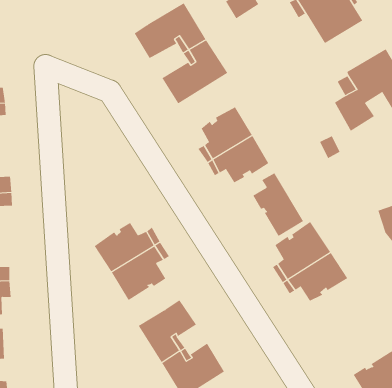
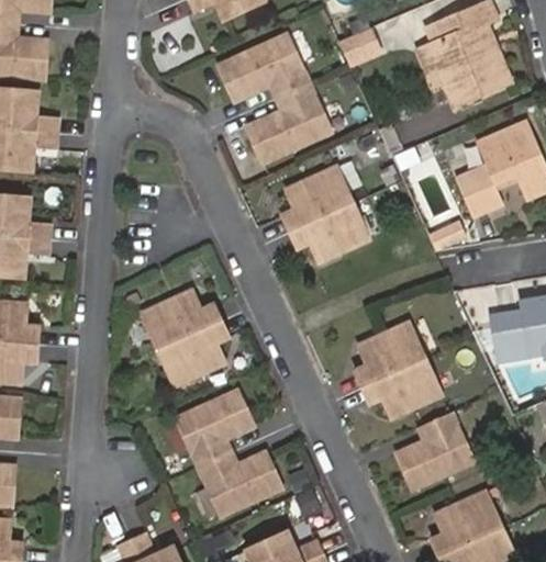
building: [253,173,304,237] -> none
building: none -> [397,417,467,486]

